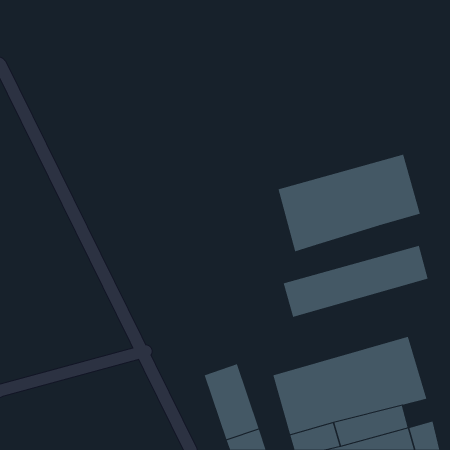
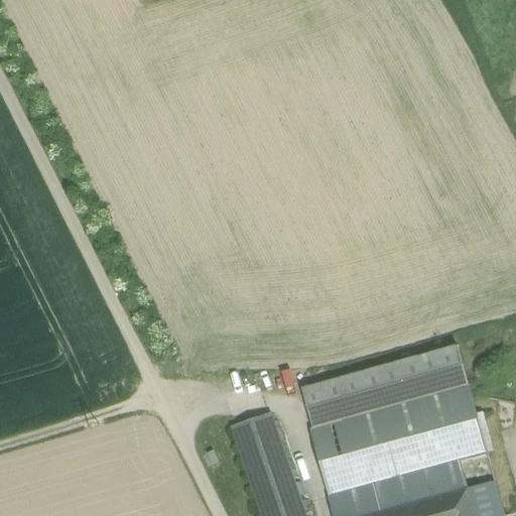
building: [278,154,420,252] -> none
building: [283,245,428,317] -> [300,346,467,428]

